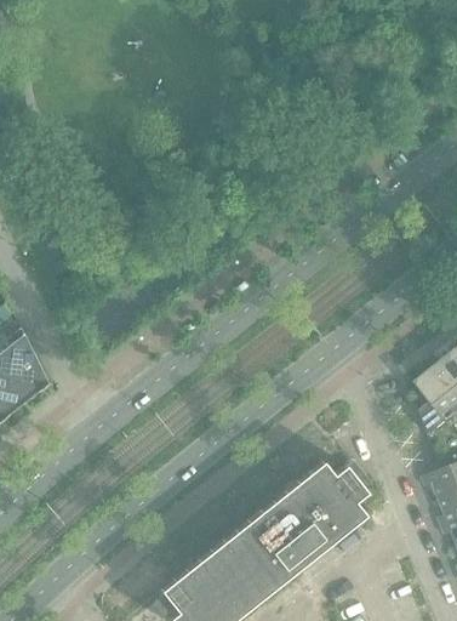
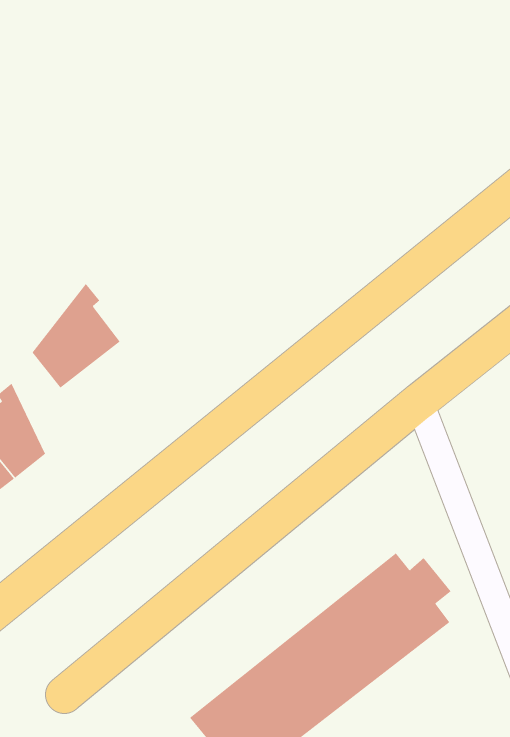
building: none -> [32,283,120,388]

